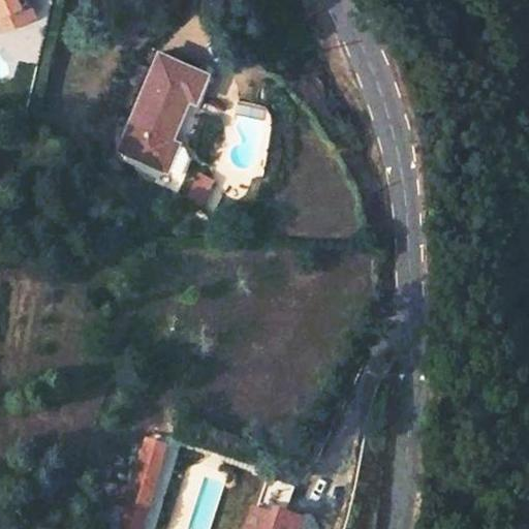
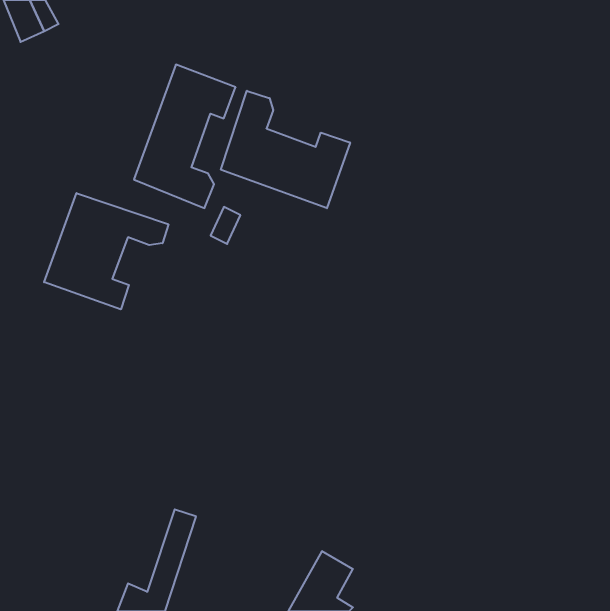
building: none -> [221,91,350,208]
building: none -> [44,193,168,309]

